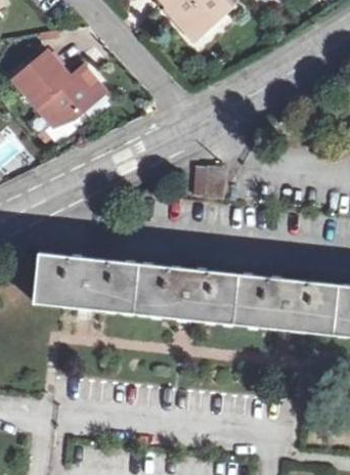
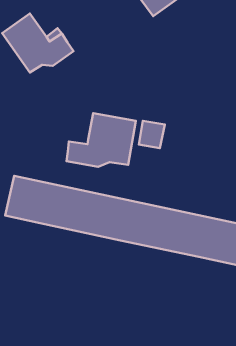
building: none -> [67,113,136,167]

